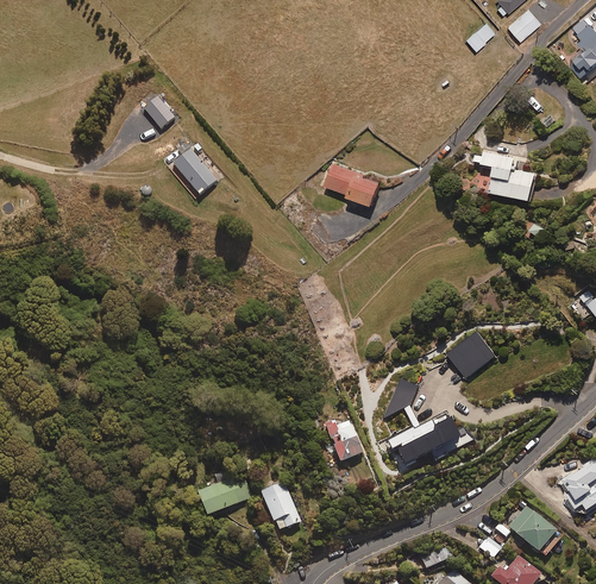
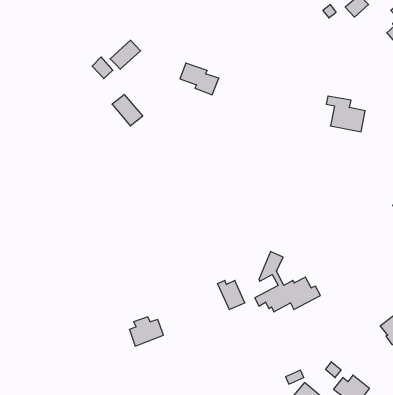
building: none -> [110,40,141,69]
building: [326,167,382,212] -> [180,63,219,95]
building: [447,329,496,377] -> none
building: [262,479,301,529] -> none
building: [509,504,564,555] -> none

